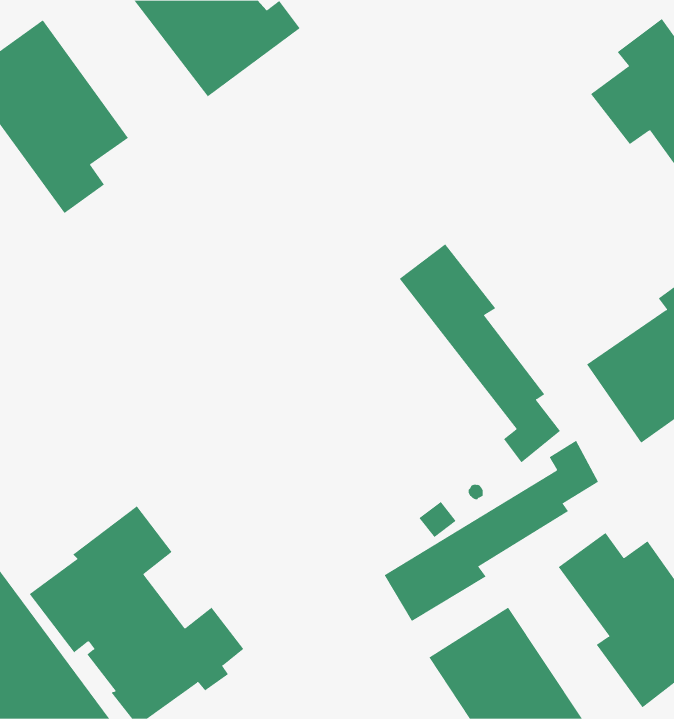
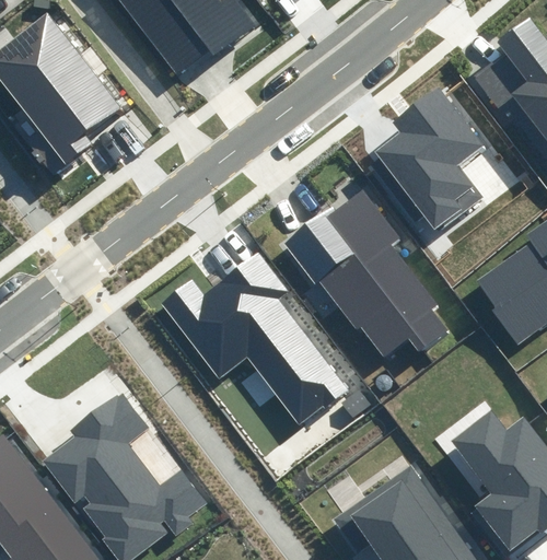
building: none -> [373,88,487,234]
building: none -> [283,212,417,364]
building: none -> [165,254,348,428]
building: [384,440,599,622] -> none

